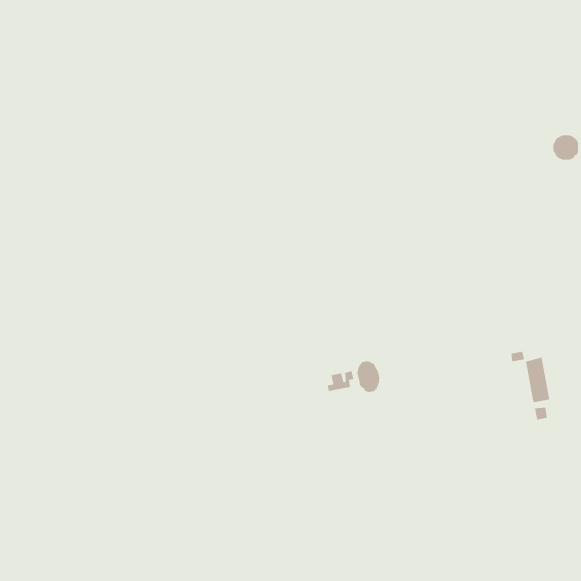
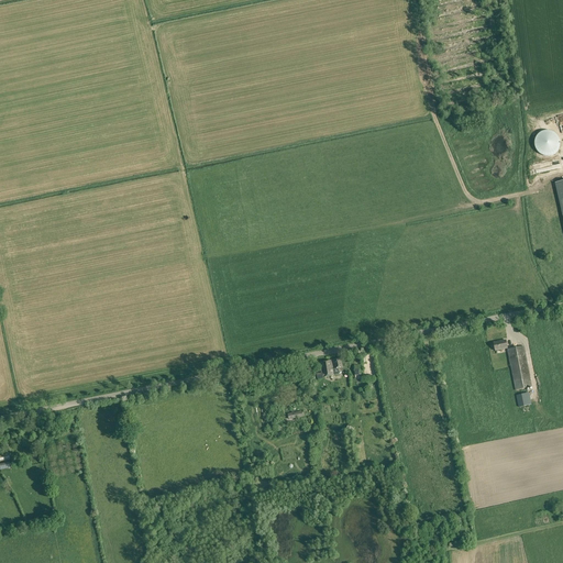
building: [357,360,380,393] -> none

